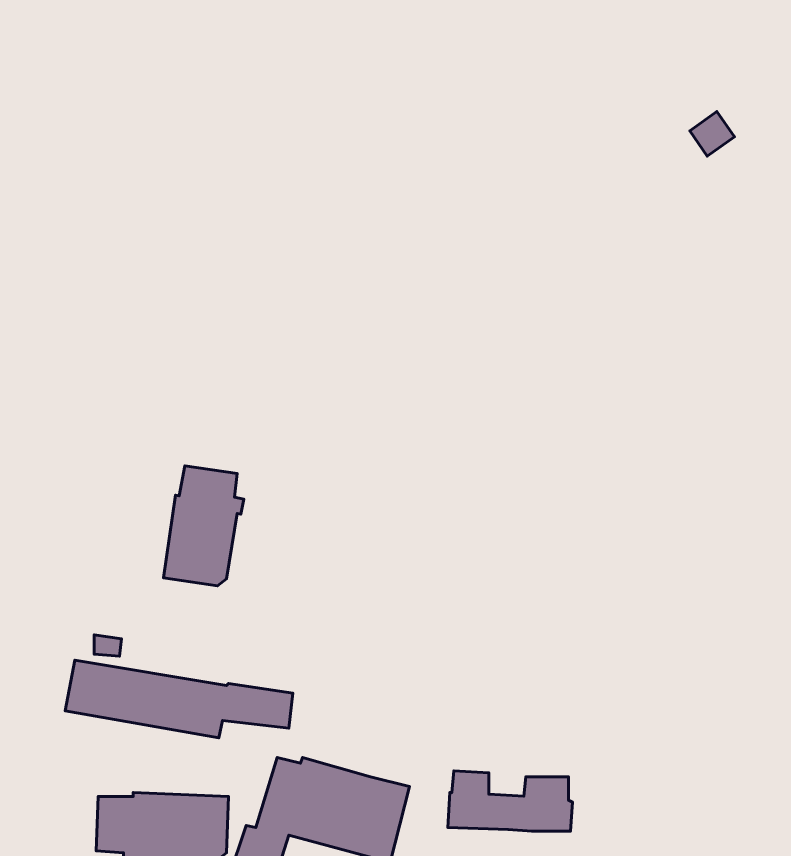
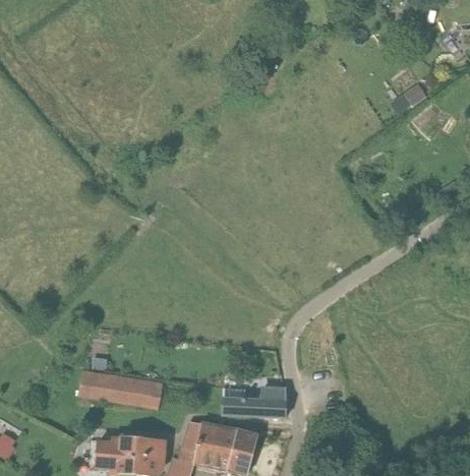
building: [163,466,244,586] -> none
building: [448,771,573,831] -> [222,385,287,417]

